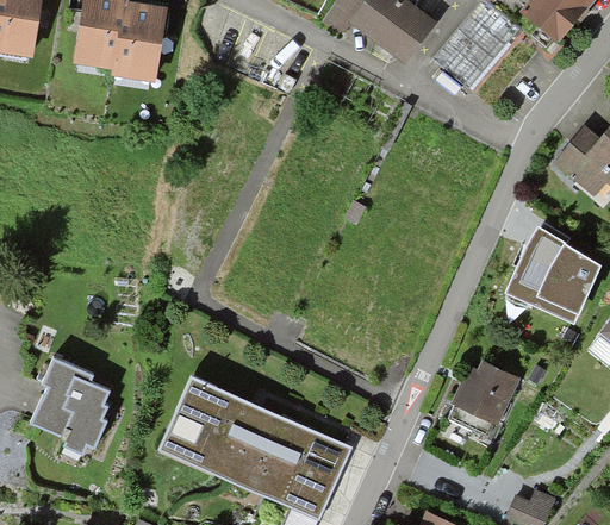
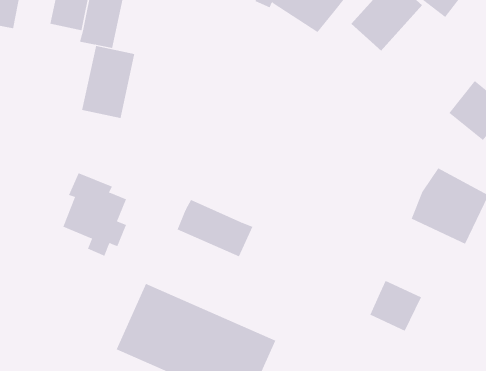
building: none -> [81,45,135,119]
building: none -> [177,199,253,257]
building: [33,361,111,462] -> [62,173,127,257]

